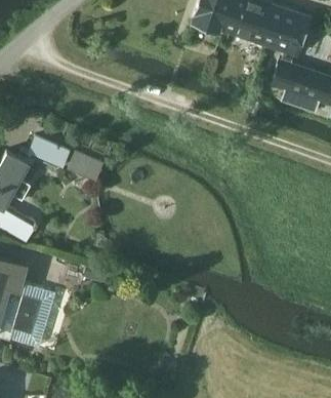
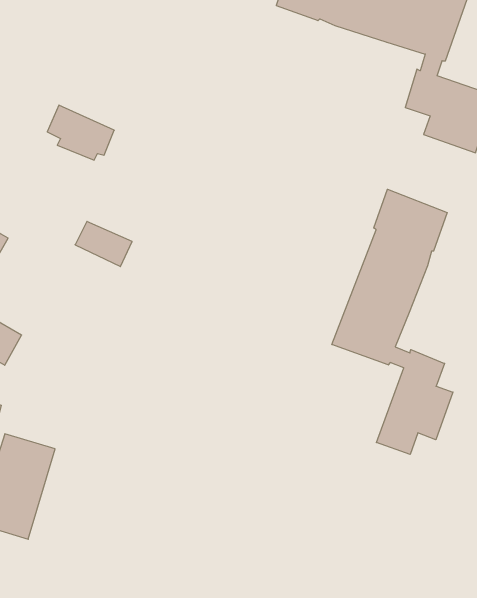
building: none -> [332,189,453,454]
building: [29,135,70,169] -> [47,105,114,160]

